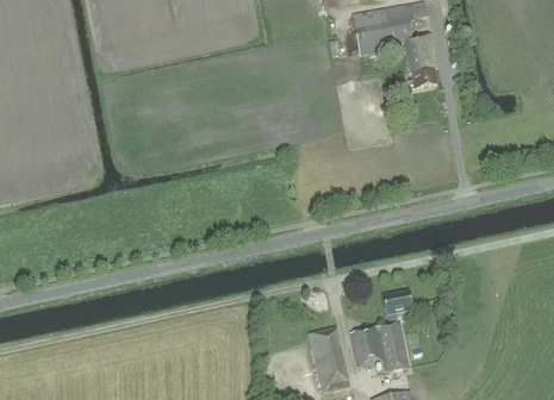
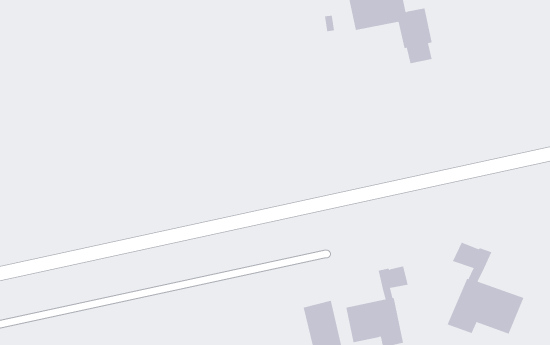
building: none -> [447,242,524,334]

